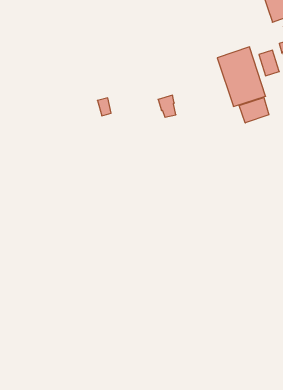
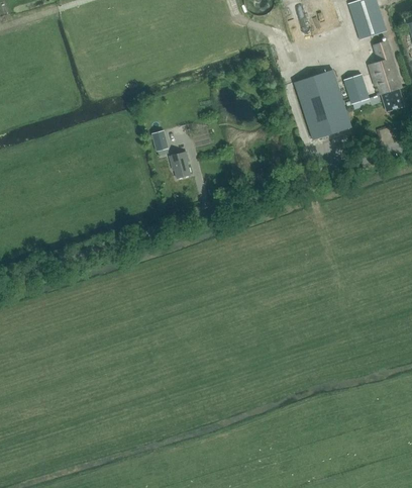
building: [158,95,176,117] -> [169,151,190,177]
building: [239,98,269,123] -> none

